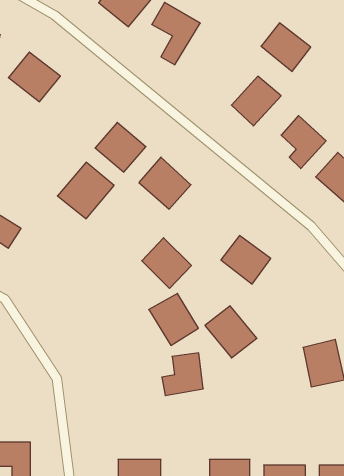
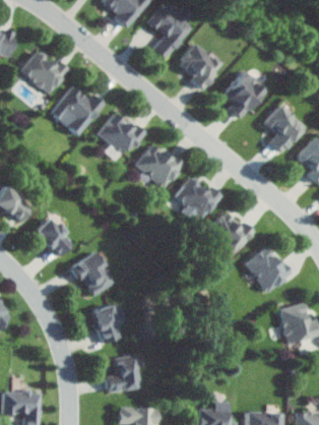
building: [261,23,311,71] -> [177,43,220,85]
building: [57,162,114,219] -> [53,85,103,135]
building: [142,238,191,288] -> [175,174,218,219]
building: none -> [33,216,74,257]
building: [149,293,198,345] -> [72,251,116,297]
building: [205,306,257,358] -> [245,246,291,292]
building: none -> [92,305,121,344]
building: [162,353,203,396] -> [106,355,142,392]

